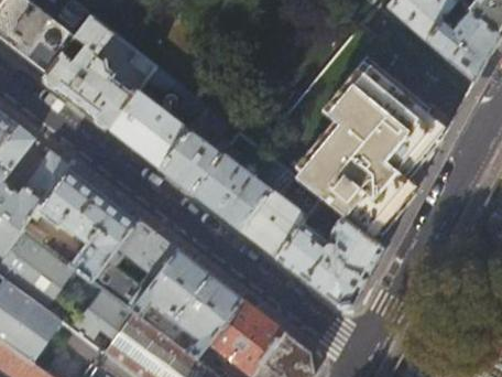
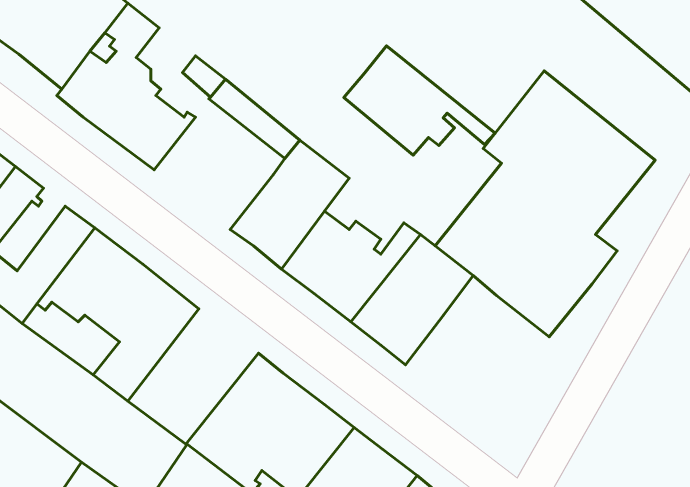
building: none -> [344,46,495,155]
building: [107,88,186,166] -> none
building: [274,211,382,304] -> none
building: [89,219,176,310] -> none

